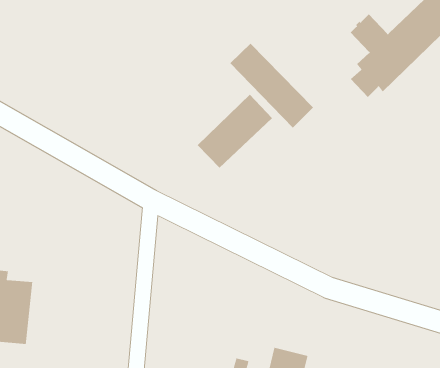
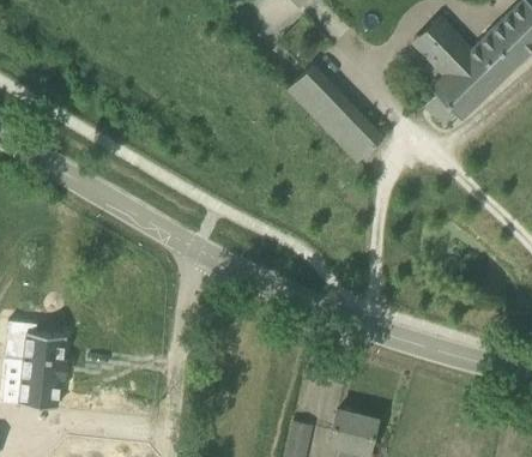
building: [197,94,273,168] -> none

